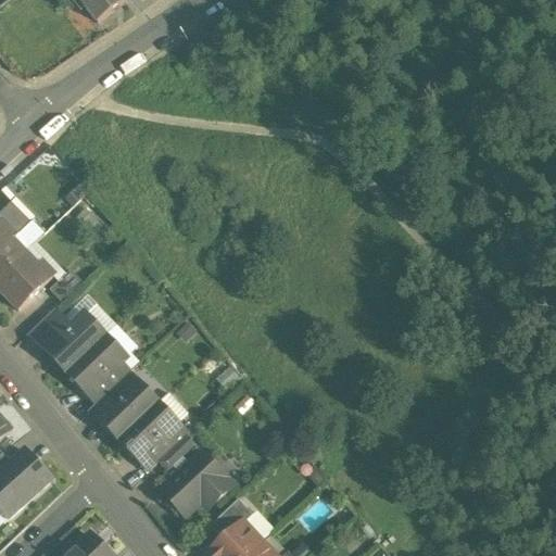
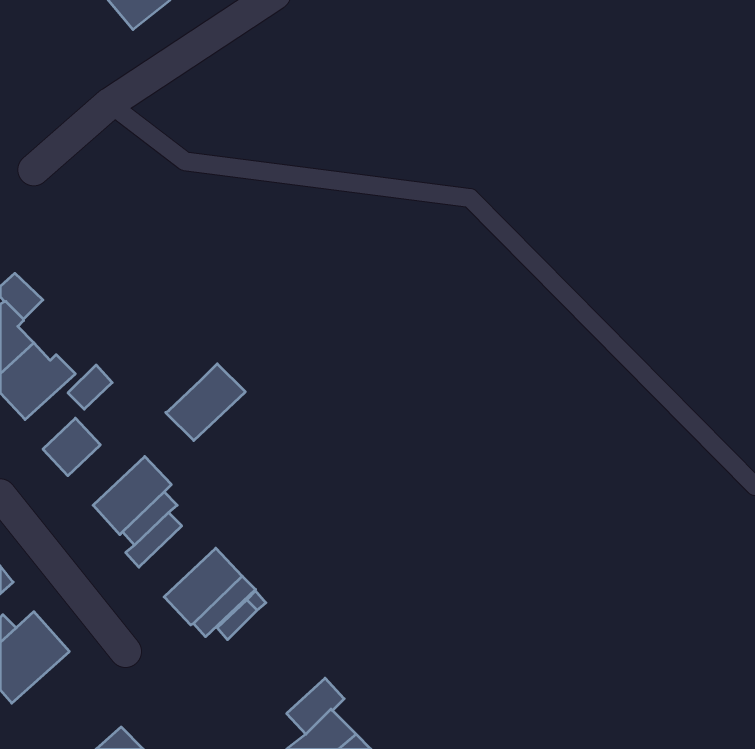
building: [48,315,106,371] -> [166,364,245,441]
building: [100,382,159,439] -> none
building: [161,450,235,517] -> none

